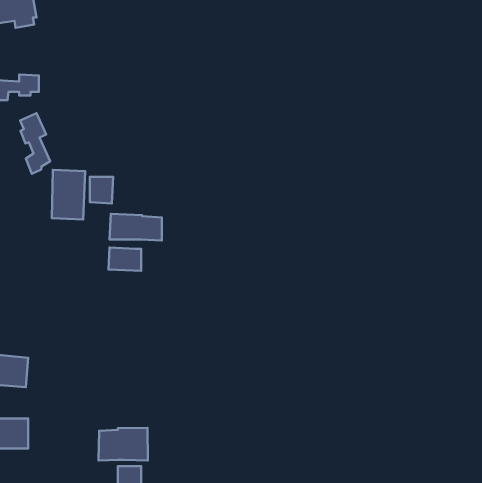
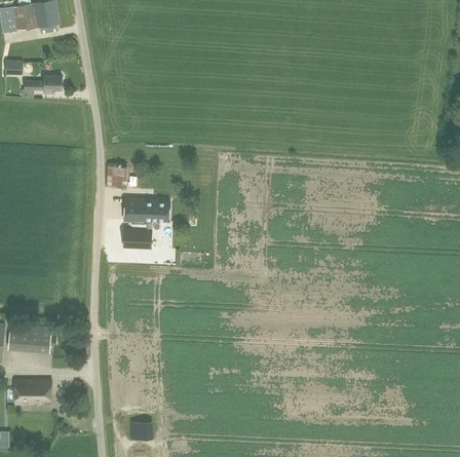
building: [20,113,50,174] -> none
building: [52,170,85,219] -> none
building: [99,428,148,461] -> none

